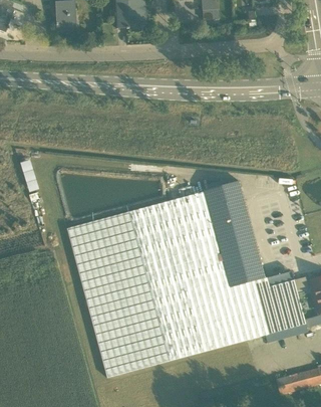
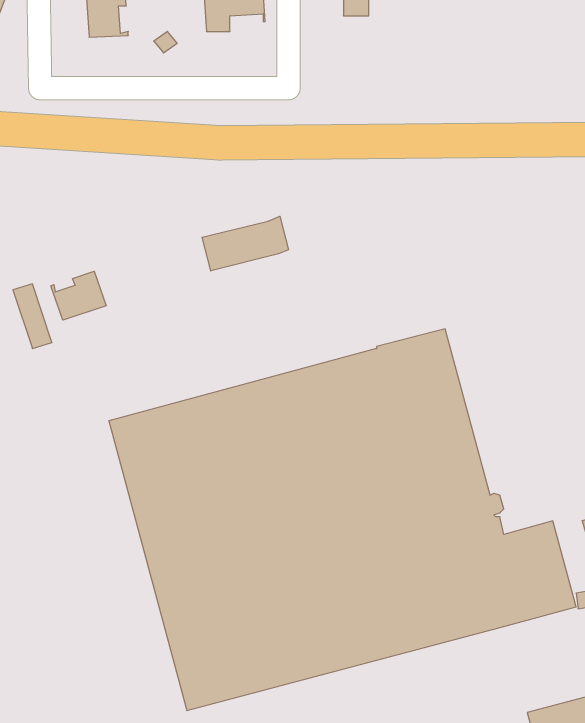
building: none -> [202,216,289,271]
building: none -> [51,271,106,320]

